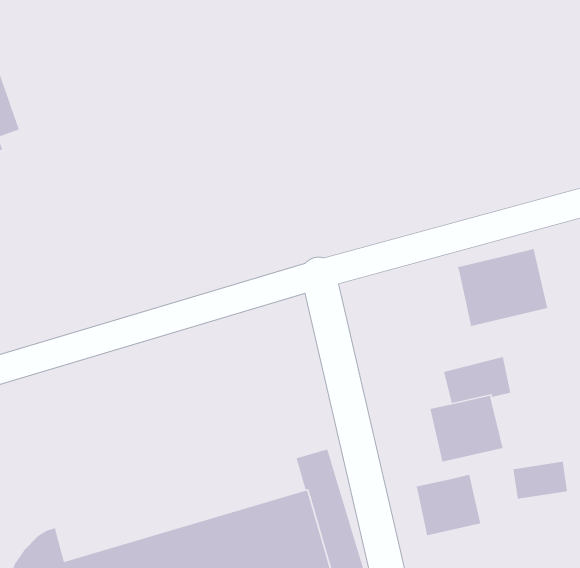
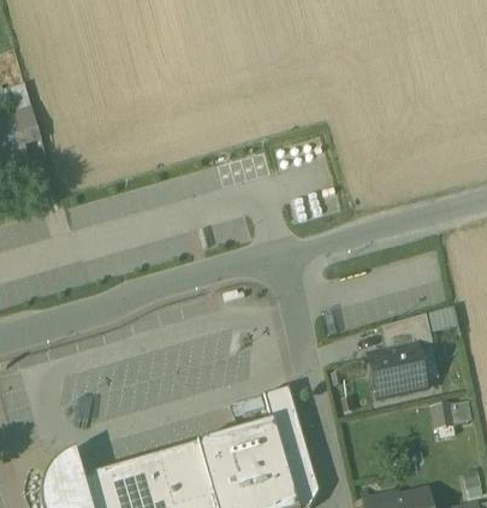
building: [457,248,548,327] -> none
building: [415,474,481,536] -> none

